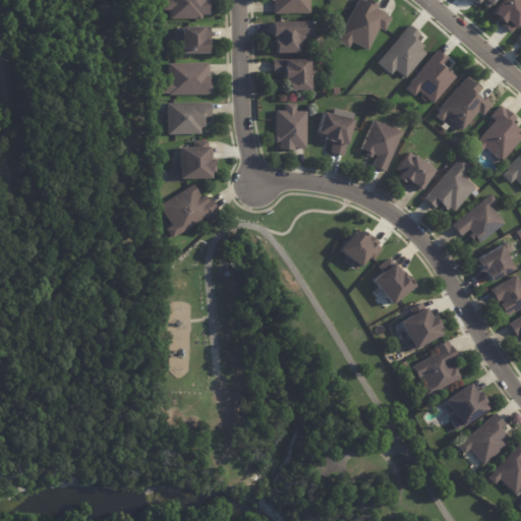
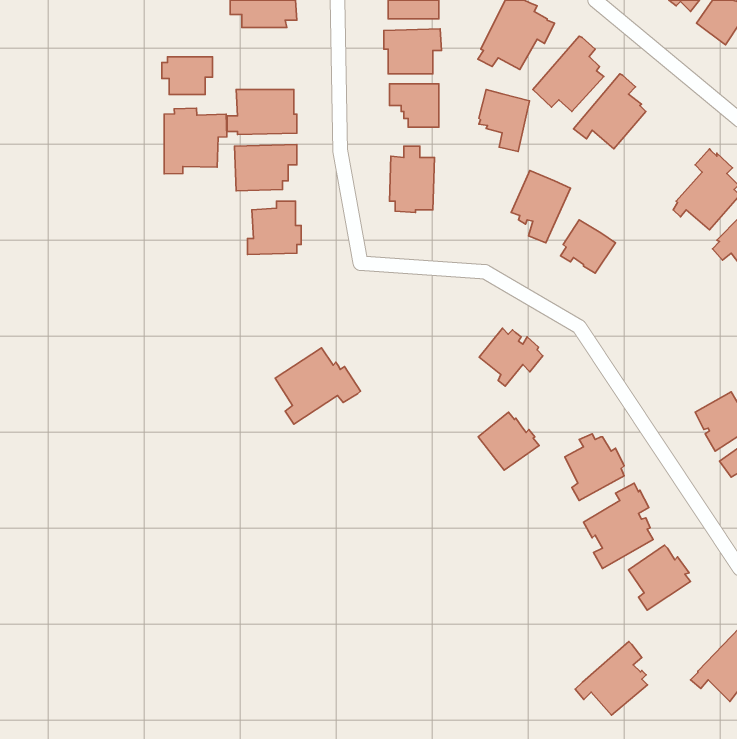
building: [175,26,211,53] -> [162,57,213,94]
building: none -> [164,108,227,174]
building: [436,76,491,132] -> none
building: [317,112,353,156] -> [479,89,530,152]
building: [423,158,476,212] -> none
building: [160,185,220,239] -> [275,348,361,424]
building: [452,195,505,243] -> none
building: [474,243,514,282] -> none
building: [372,264,415,304] -> [478,412,539,470]
building: [457,413,508,465] -> [575,642,648,715]

